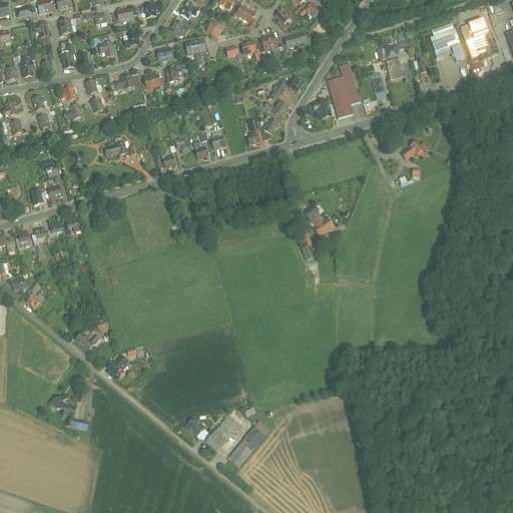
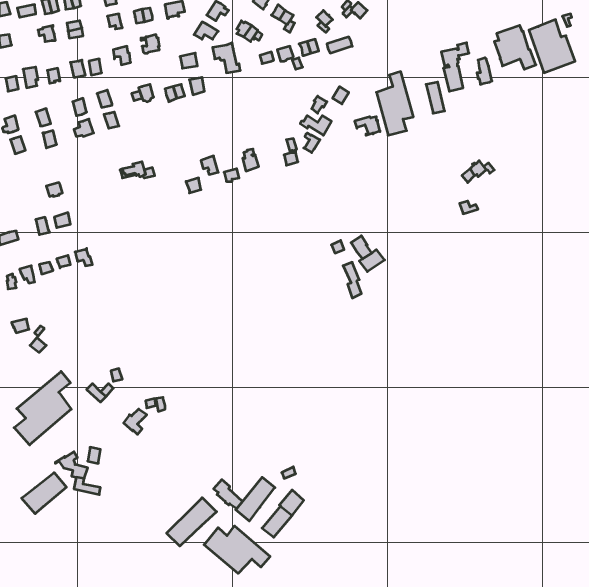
building: none -> [14,371,71,445]
building: none -> [22,473,66,514]
building: none -> [167,498,217,546]
building: none -> [204,526,270,573]

